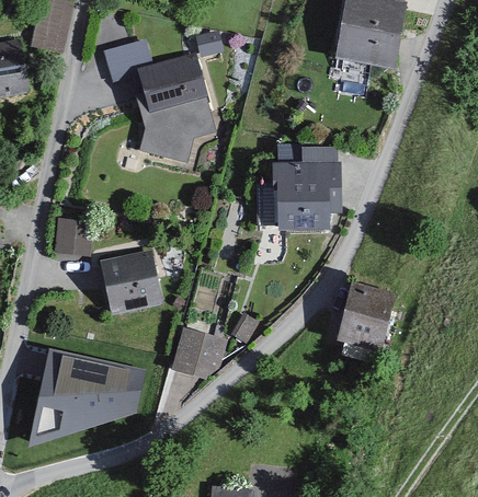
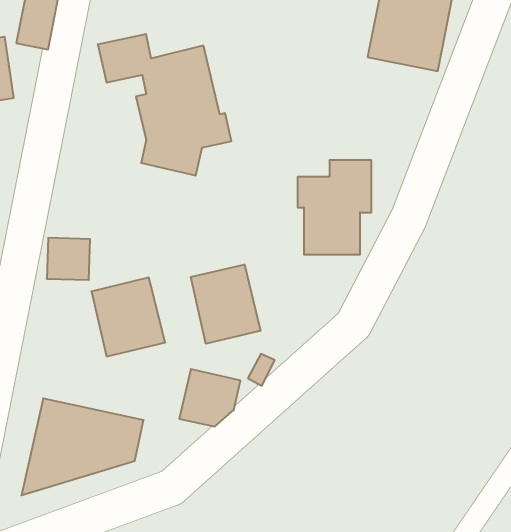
building: none -> [191,264,260,344]
building: [340,282,394,348] -> none

